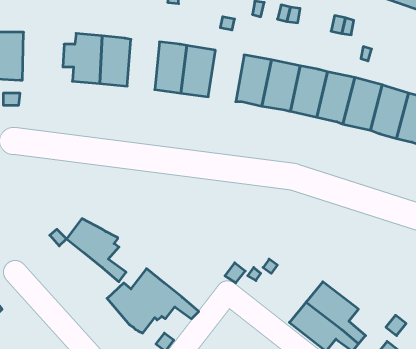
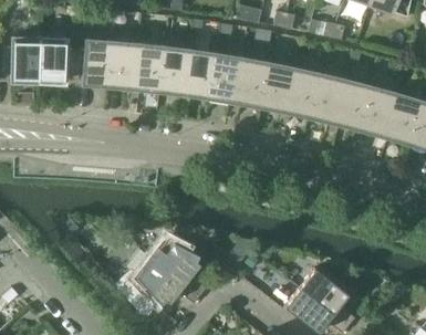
building: none -> [37,36,75,81]
building: none -> [134,43,164,90]
building: none -> [209,53,242,101]
building: [66,219,126,282] -> [152,237,207,295]

